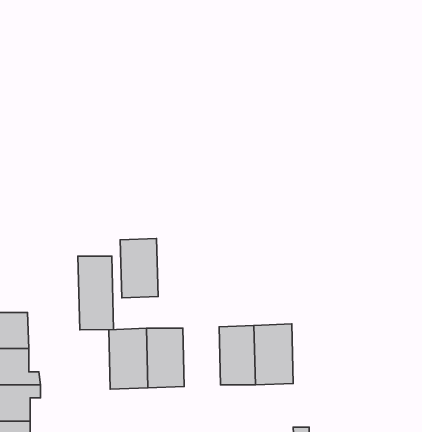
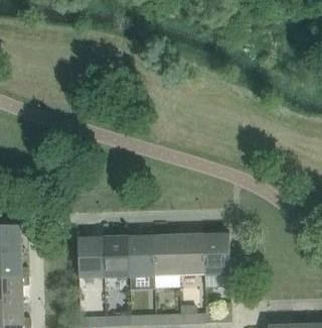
building: [120,238,158,298] -> [128,235,154,277]
building: [78,256,114,330] -> none
building: none -> [203,233,229,275]

